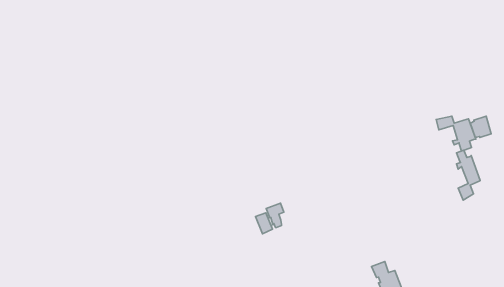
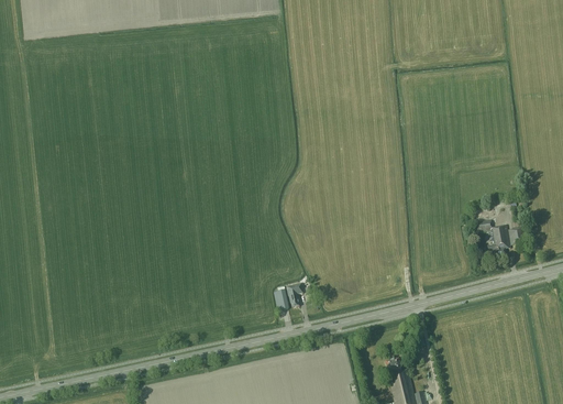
building: [456,150,480,200] -> none

